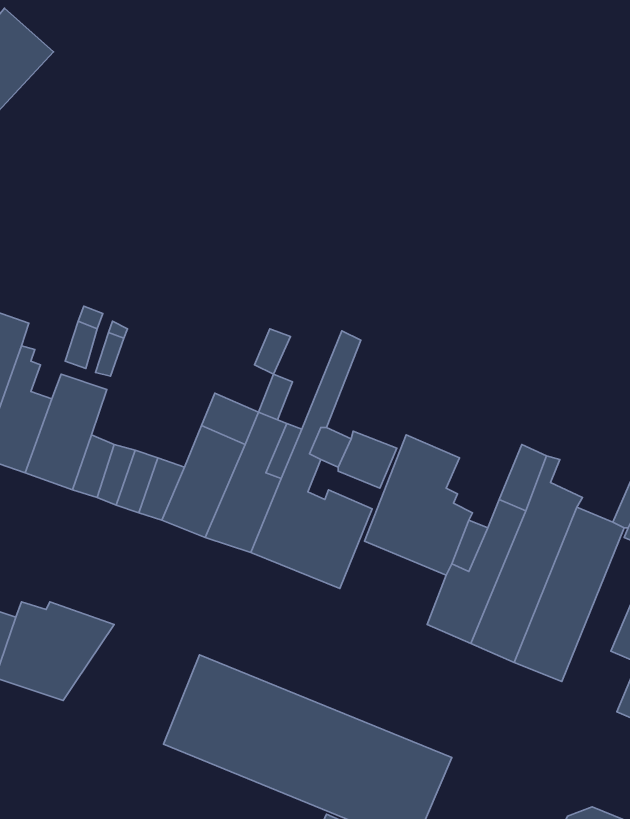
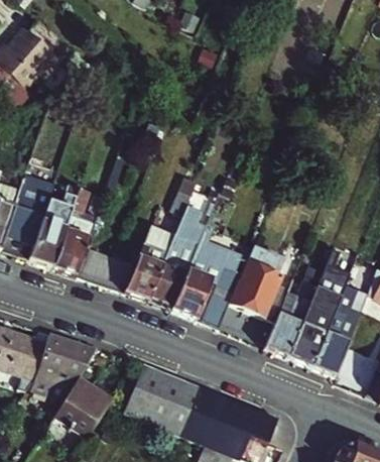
building: none -> [52,379,110,437]

